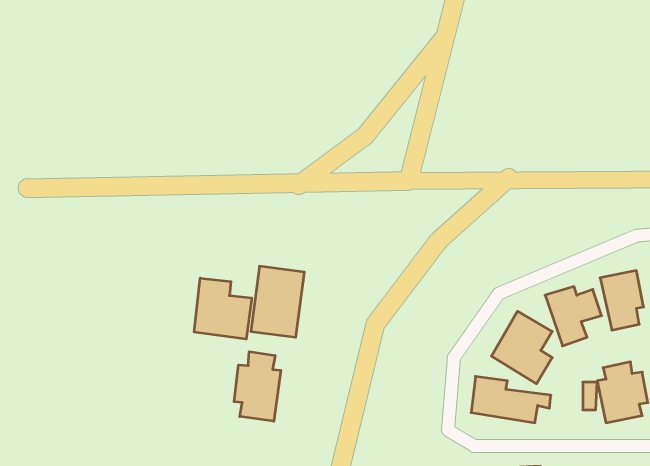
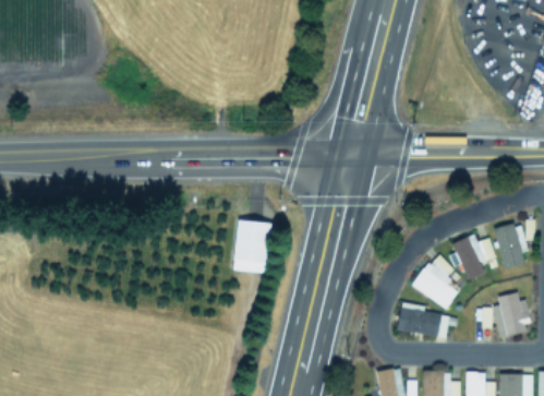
building: [194,278,252,339] -> none
building: [234,352,281,421] -> none

